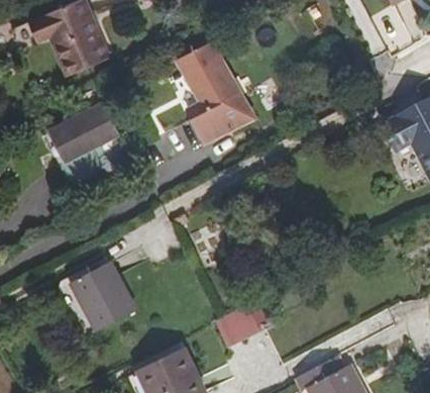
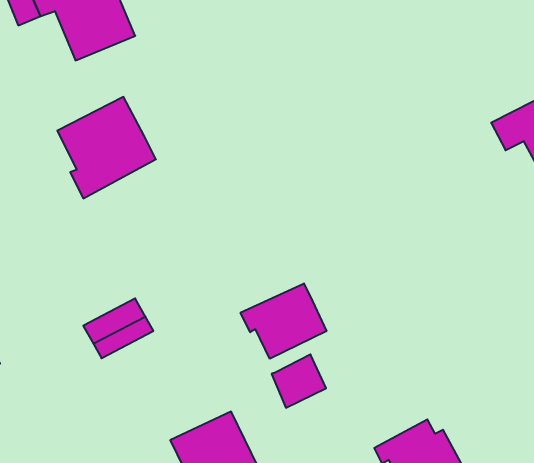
building: [177,43,253,142] -> none
building: none -> [241,283,326,359]
building: [84,286,136,331] -> none

